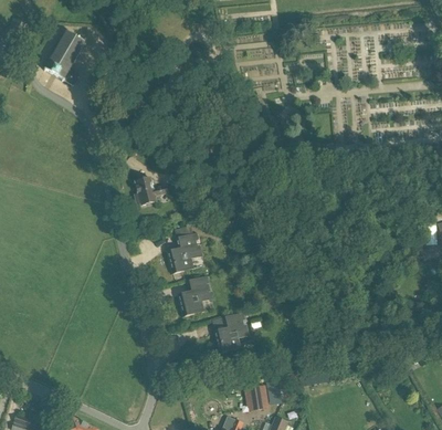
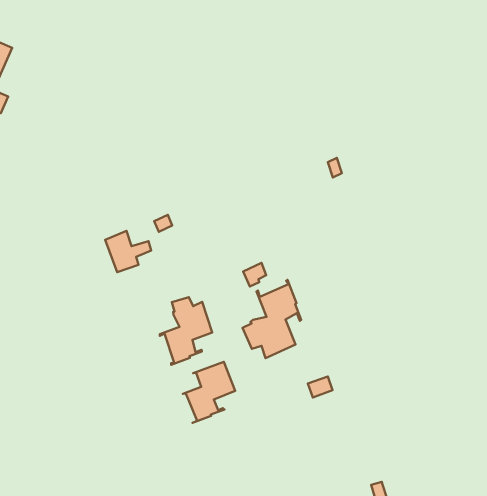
building: none -> [243,280,301,358]
building: [212,313,249,353] -> none

